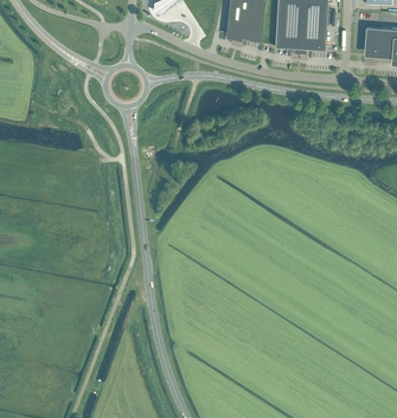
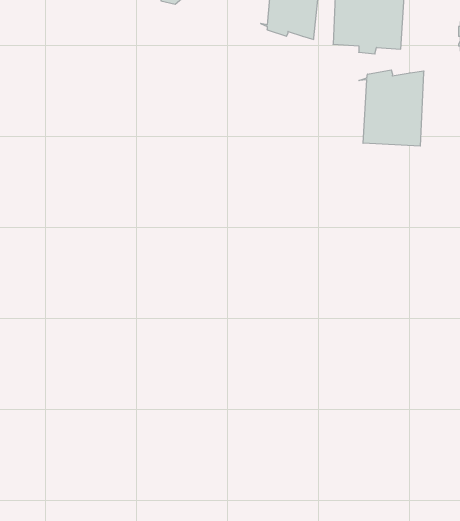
building: none -> [359,70,424,146]

